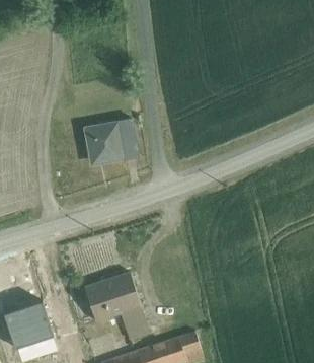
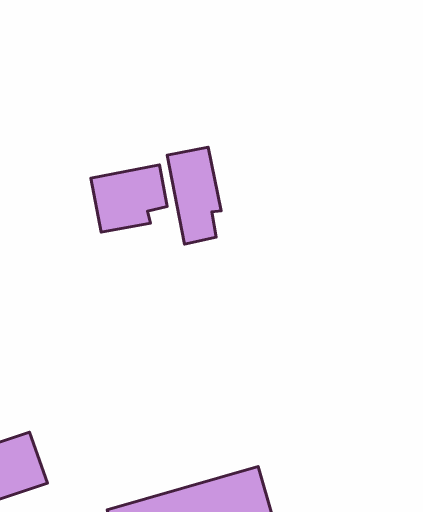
building: none -> [167,147,221,244]
building: [80,273,140,323] -> none

